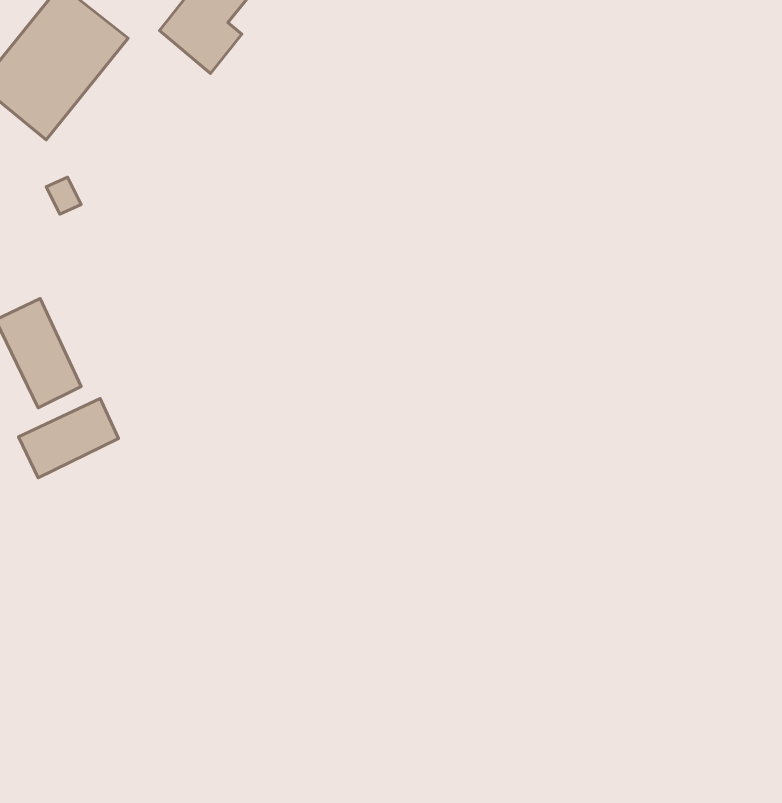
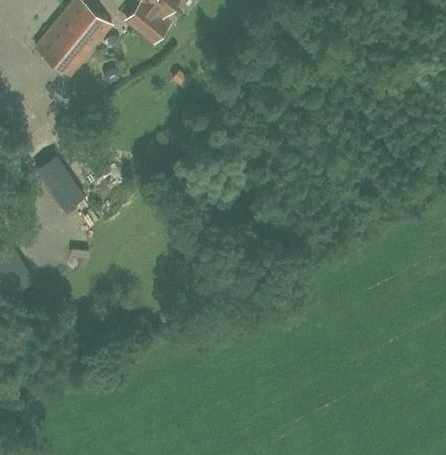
building: [19,398,119,478] -> none

